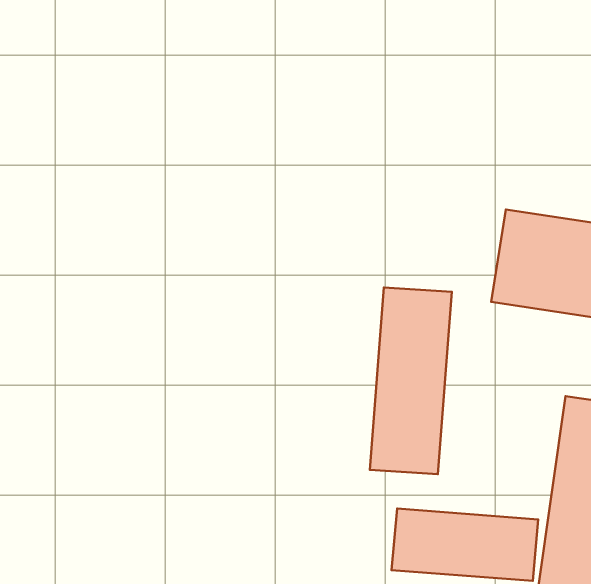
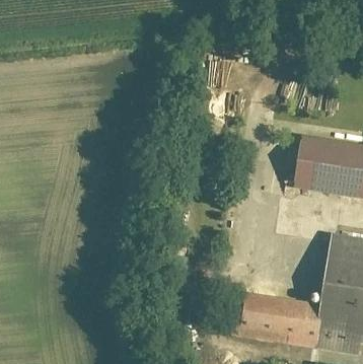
building: [370,287,452,474] -> none

